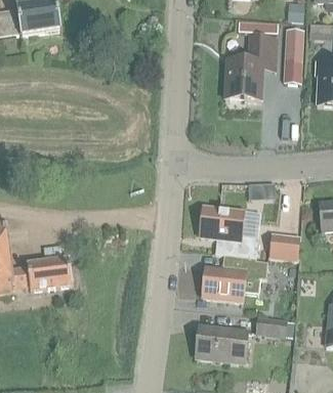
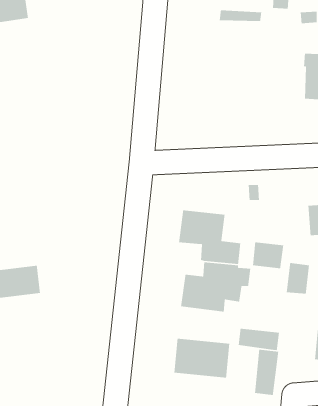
building: [283,29,303,83] -> none
building: [225,36,277,101] -> none
building: none -> [286,262,310,294]
building: none -> [254,349,279,396]

